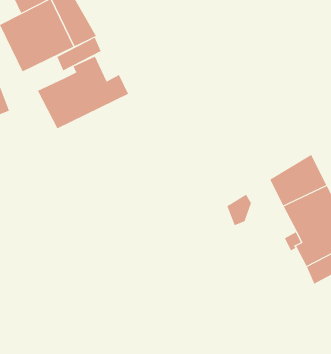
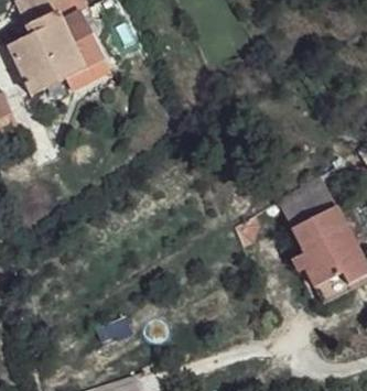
building: [37,56,129,129] -> none

